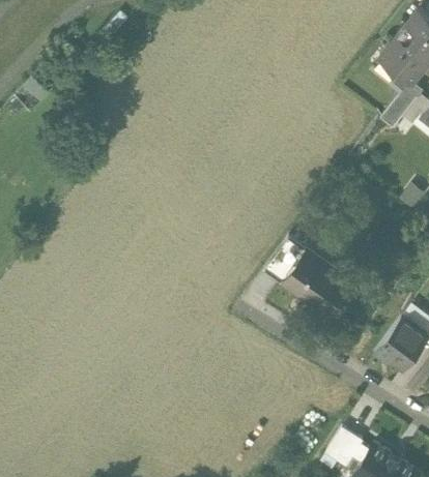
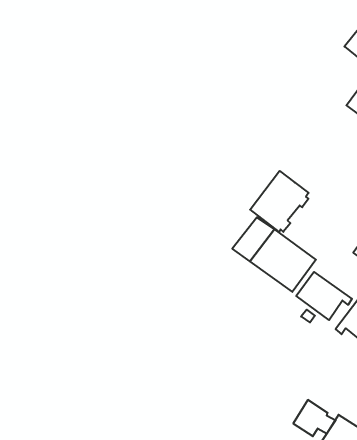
building: none -> [250,171,309,232]
building: none -> [296,272,352,320]

